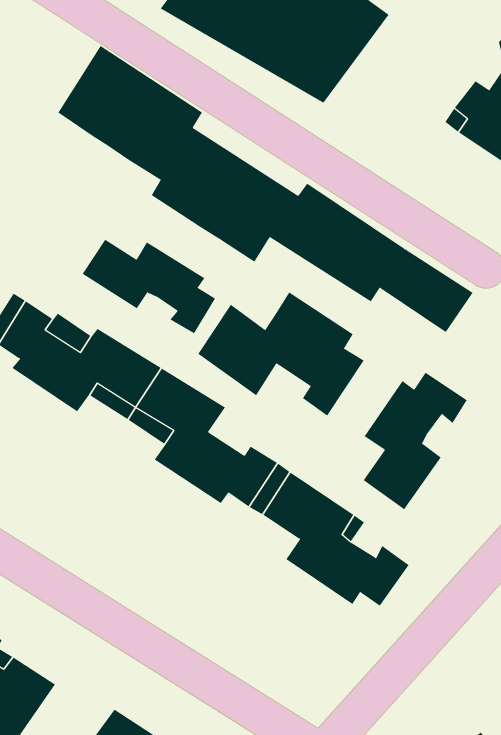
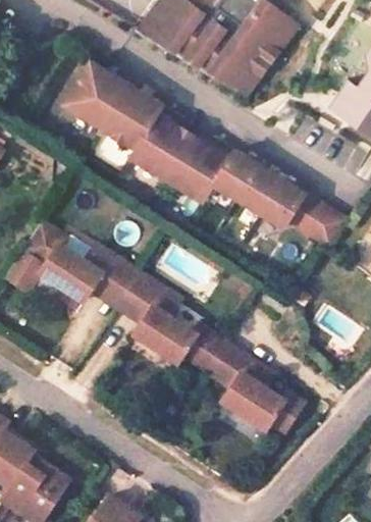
building: [82,239,216,334] -> none
building: [197,292,364,416] -> none
building: [363,372,468,510] -> none

